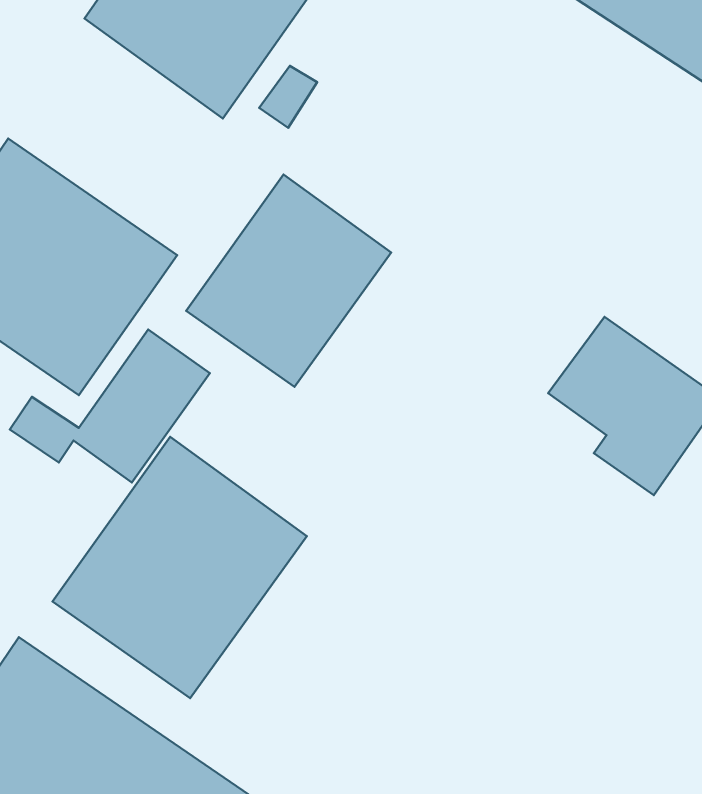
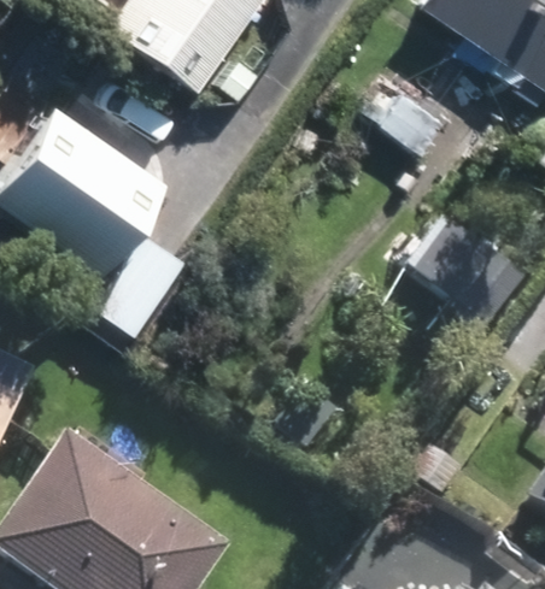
building: [186,175,391,387] -> none
building: [52,437,307,698] -> none

